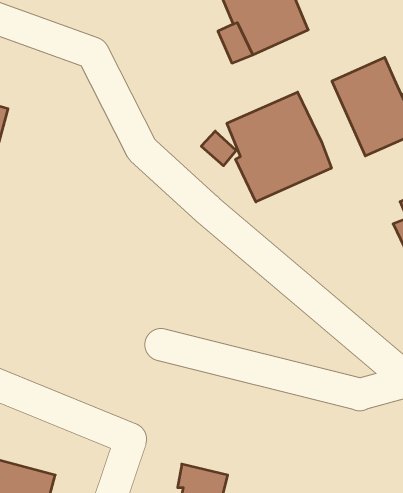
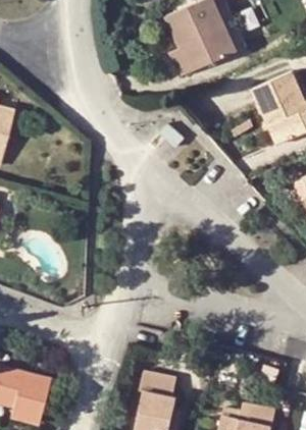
building: [227,92,331,202] -> none

